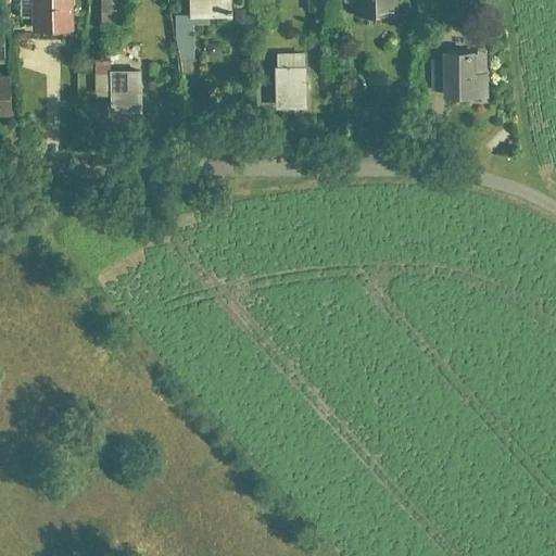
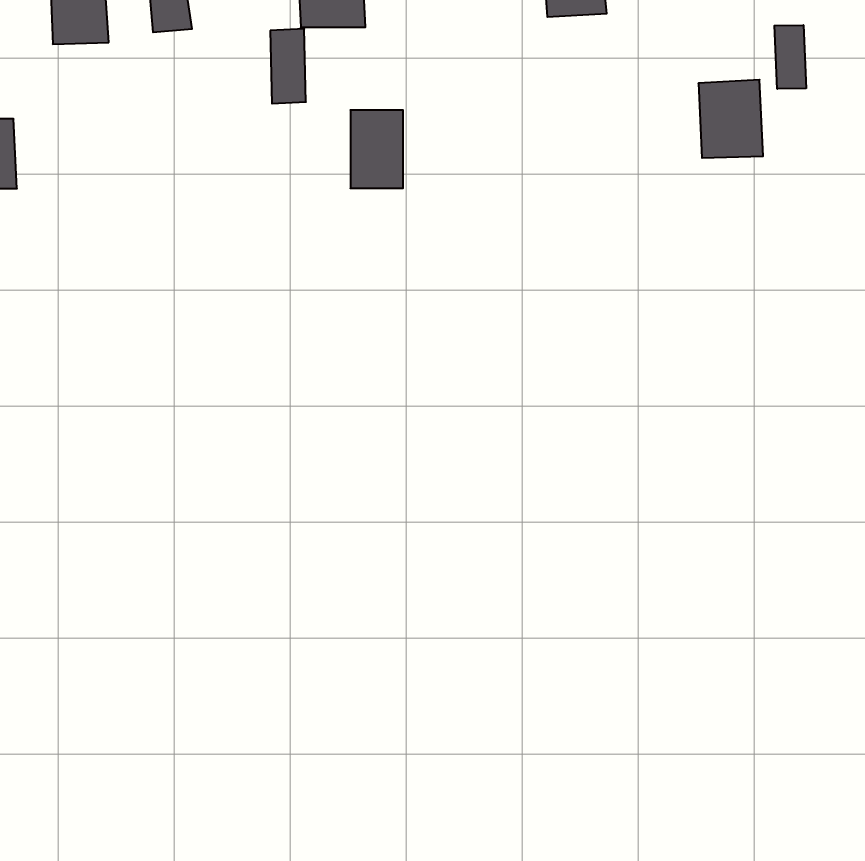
building: none -> [774,25,806,89]
building: [274,54,307,104] -> [350,110,403,188]
building: [111,67,141,117] -> none

